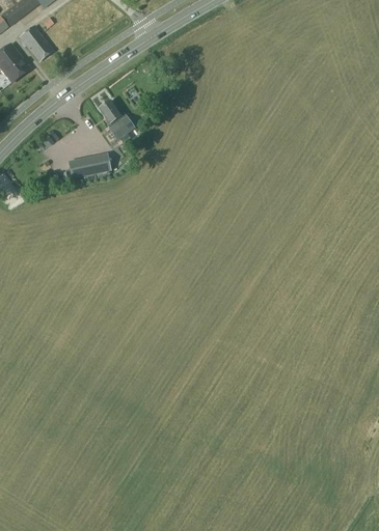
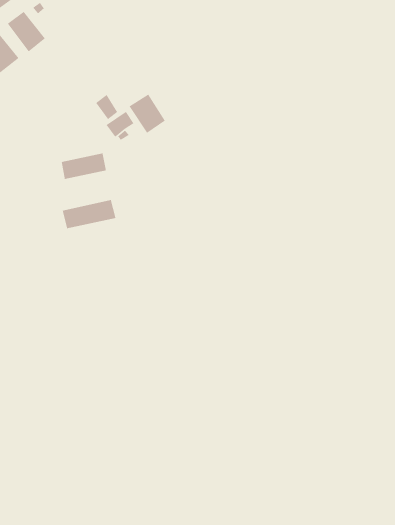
building: none -> [128,94,166,134]
building: none -> [62,199,116,229]

